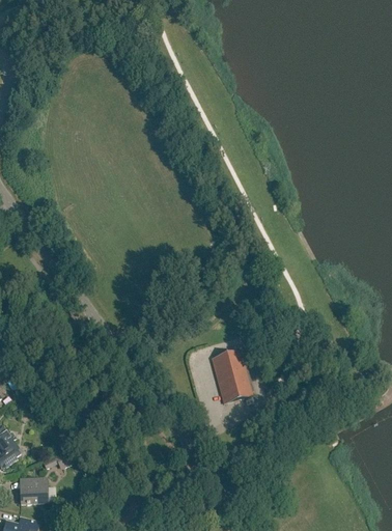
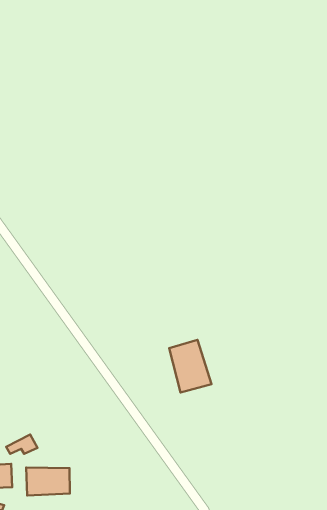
building: none -> [26,468,70,495]

